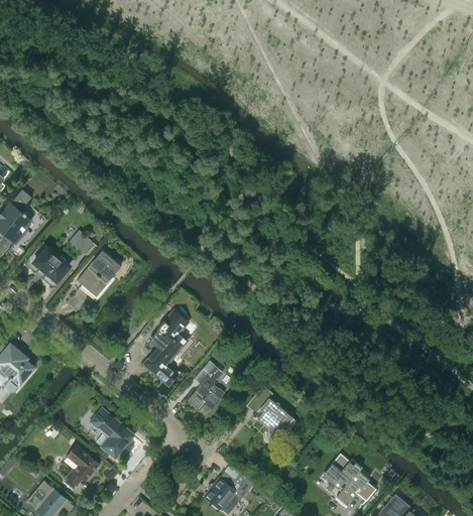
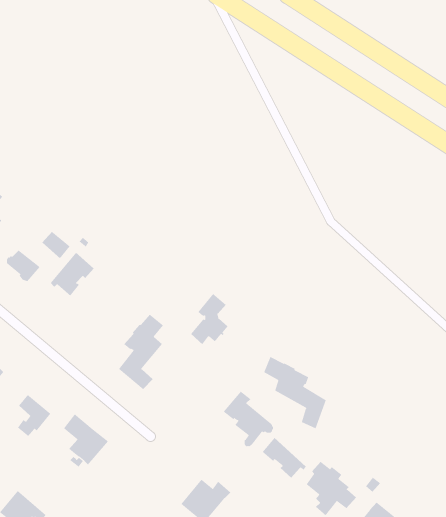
building: none -> [264,356,326,429]
building: [187,362,224,412] -> [190,293,228,345]
building: none -> [262,437,307,478]
building: [66,445,99,487] -> [17,394,51,437]

